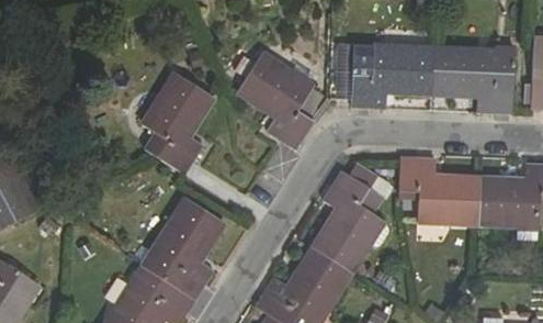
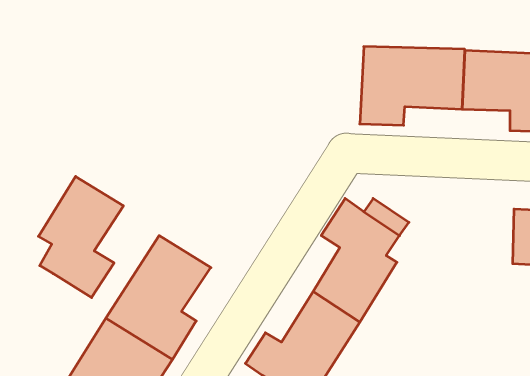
building: [237,55,315,151] -> none
building: [144,75,214,175] -> [38,176,123,298]
building: [398,158,477,222] -> none

